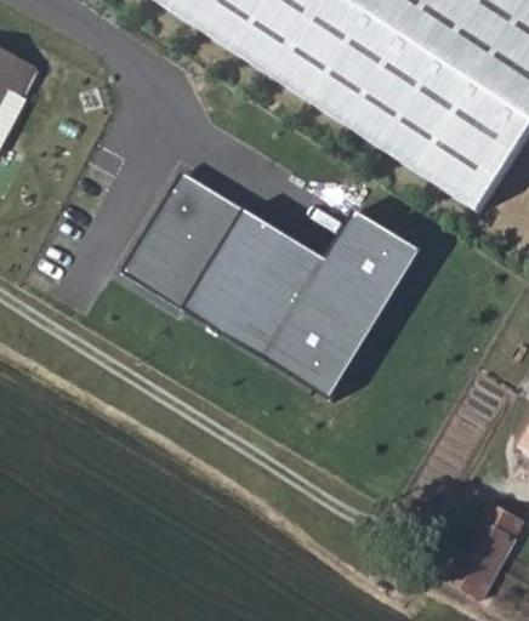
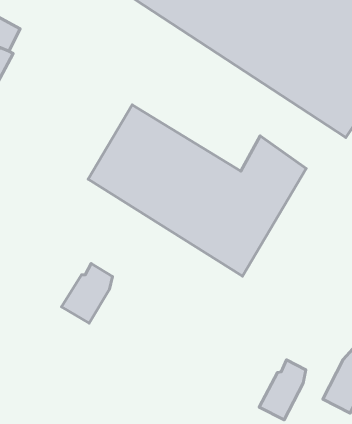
building: none -> [61,264,112,323]
building: none -> [259,360,306,420]

